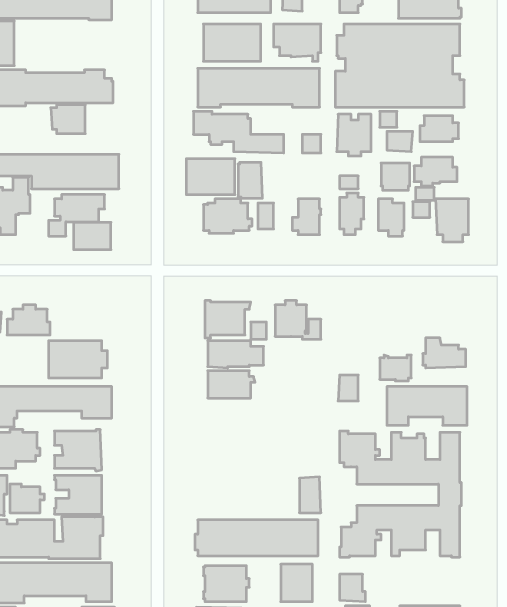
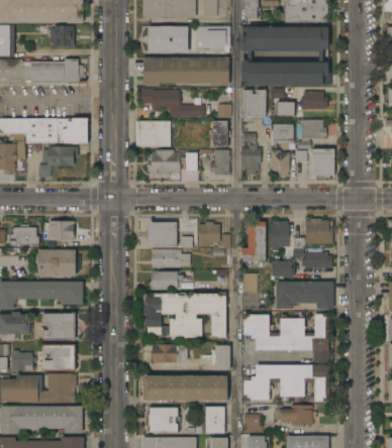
building: [51,105,85,134] -> [50,25,74,45]
building: [238,162,262,198] -> [211,121,228,146]
building: [74,222,111,250] -> [48,221,75,240]
building: none -> [305,219,332,243]
building: none -> [242,221,266,261]
building: none -> [271,221,289,249]
building: none -> [143,292,225,339]
building: none -> [152,344,187,362]
building: none -> [274,404,316,427]

